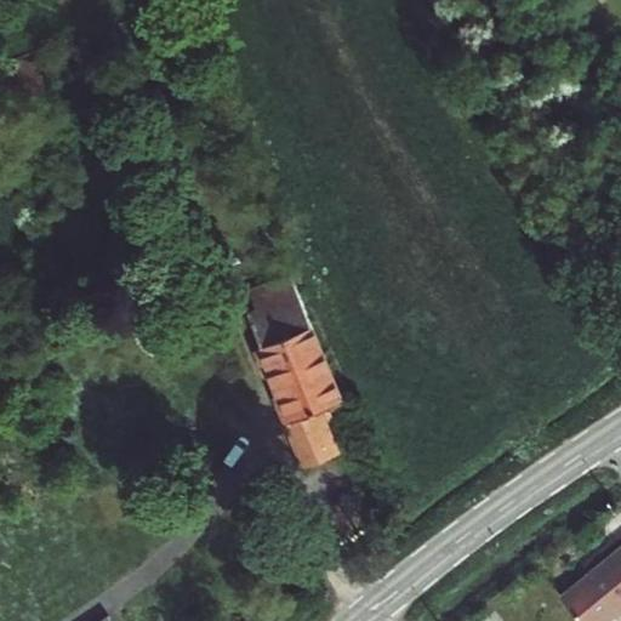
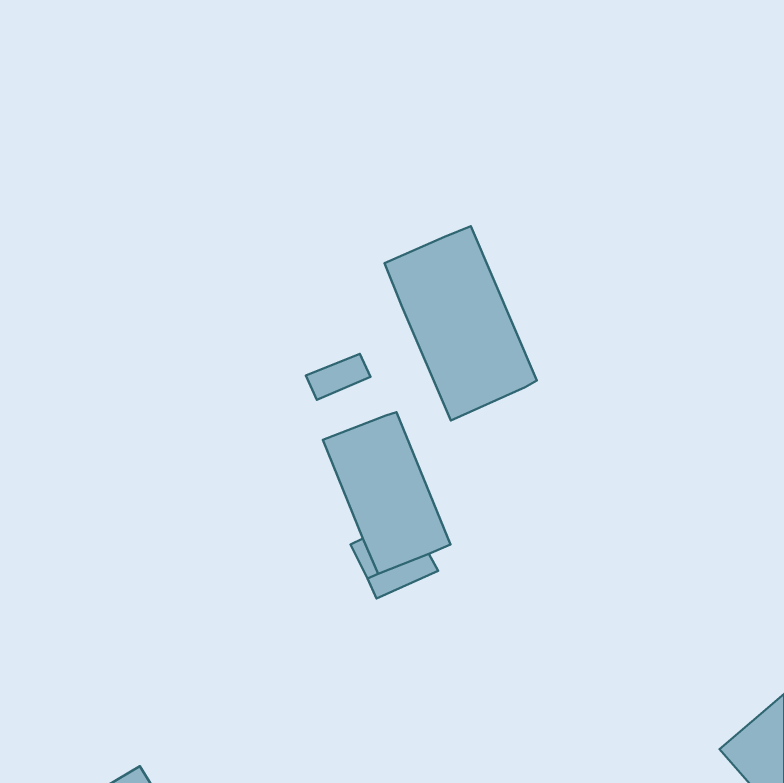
building: none -> [385,226,537,420]
building: [241,300,304,349] -> none

